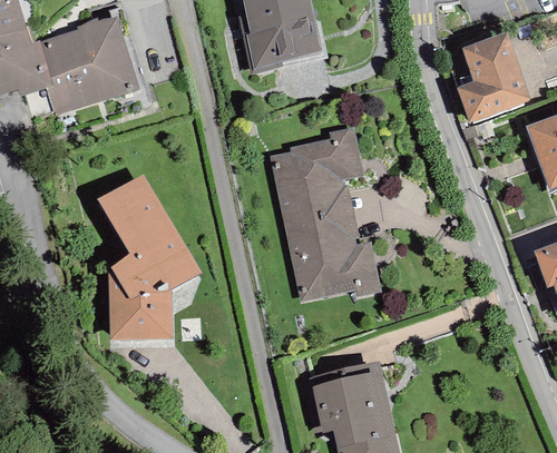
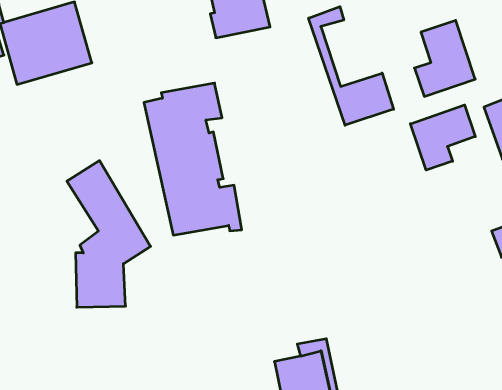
building: none -> [309,7,394,125]
building: none -> [410,105,475,170]
building: [274,140,374,296] -> [144,83,242,235]

